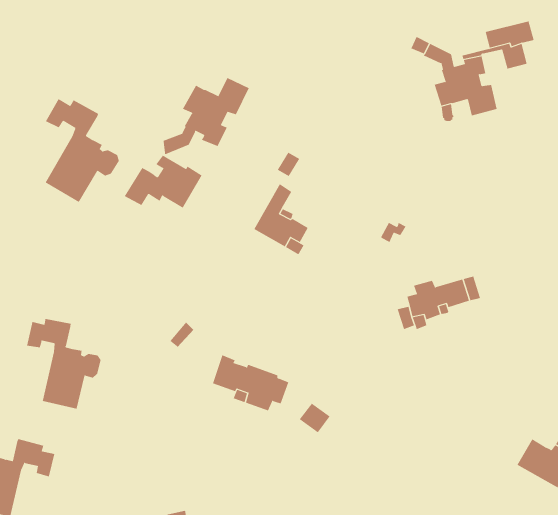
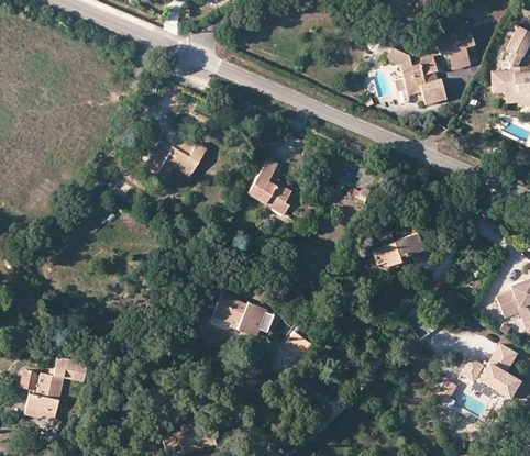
building: [162,77,249,155] -> none
building: [45,98,120,203] -> none
building: [26,318,101,409] -> none

